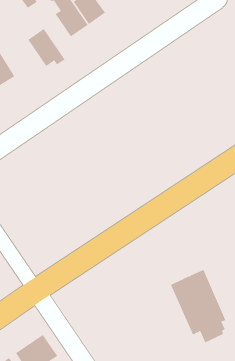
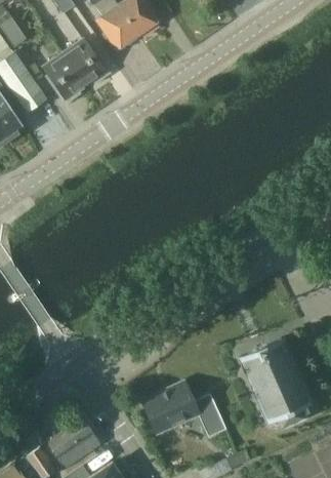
building: none -> [42,52,85,105]
building: none -> [141,382,225,438]

